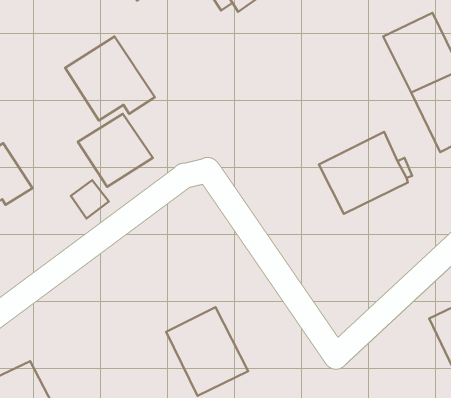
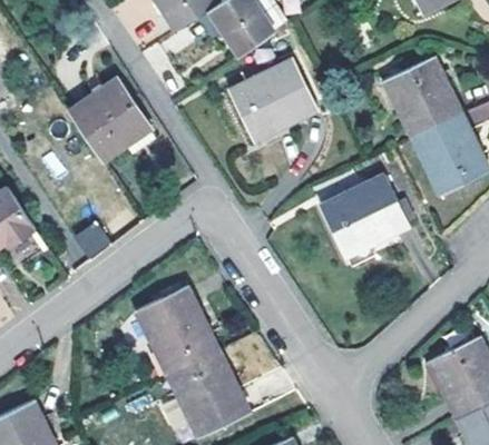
building: none -> [229,57,317,139]
building: [78,114,153,187] -> none
building: none -> [138,285,218,372]

